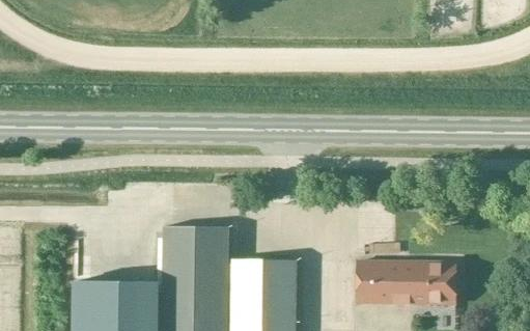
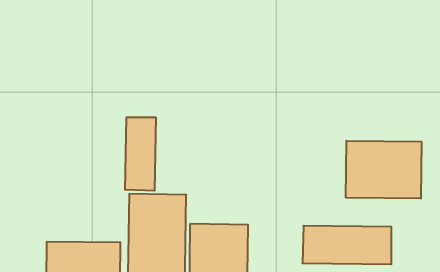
building: none -> [125,117,156,191]
building: none -> [346,141,421,199]

